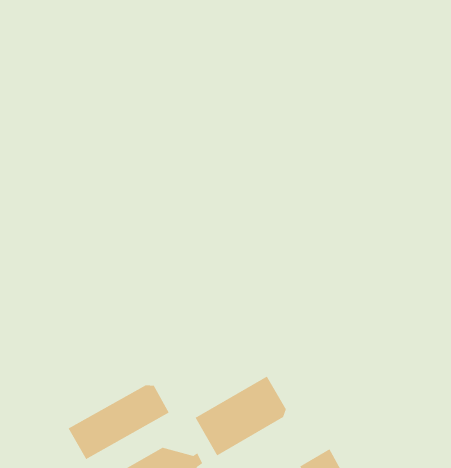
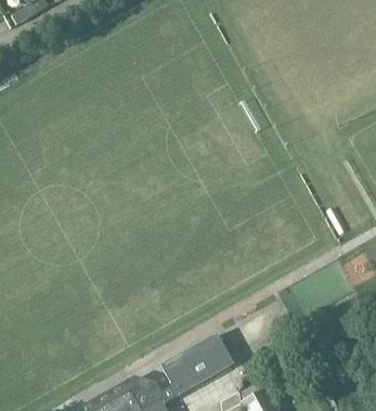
building: [68,385,170,460] -> none

